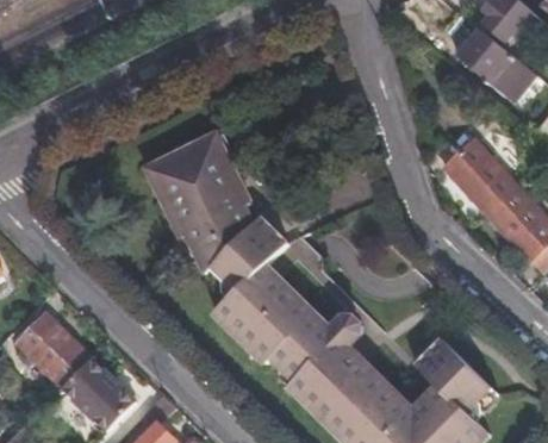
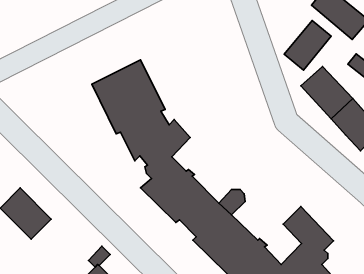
building: none -> [284,21,331,70]
building: [61,356,135,429] -> none

